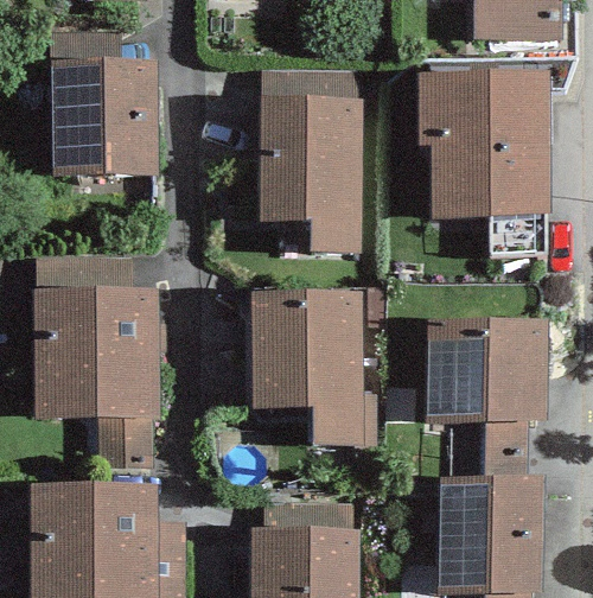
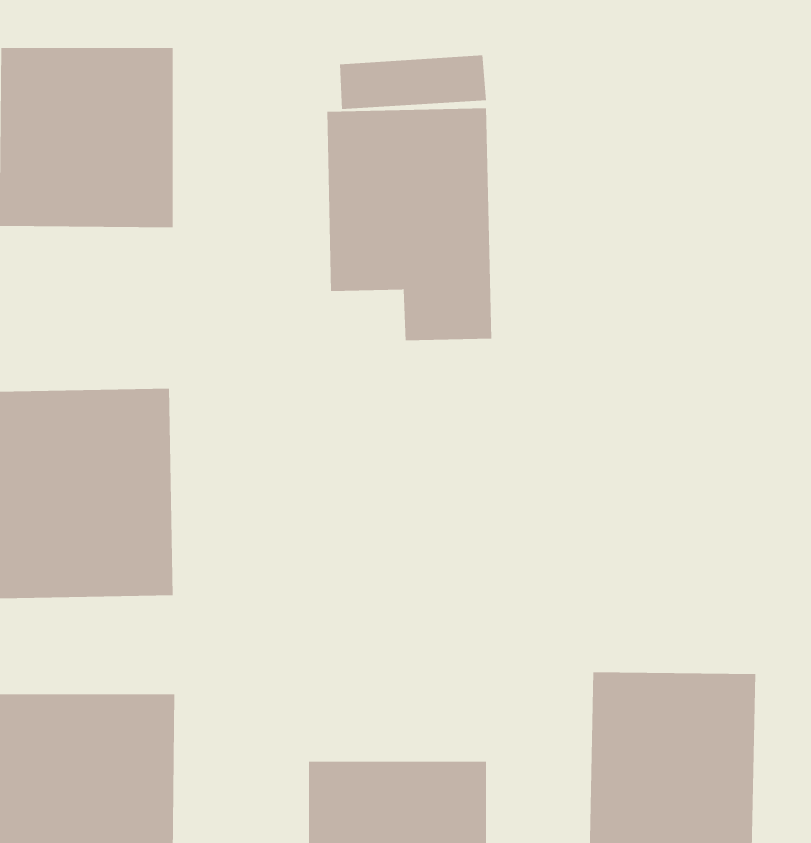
building: [422,68,549,214] -> none
building: [244,291,371,448] -> none
building: [422,312,546,424] -> none

